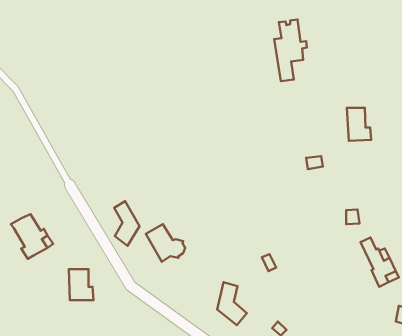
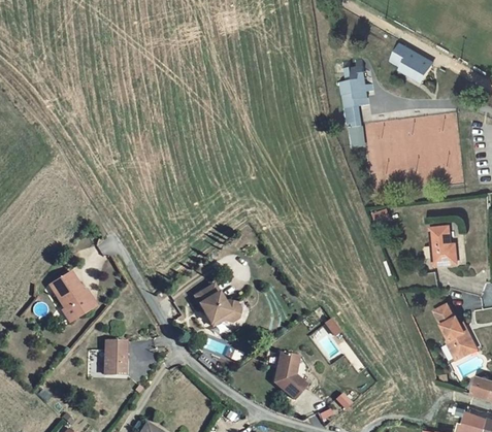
building: none -> [389,43,431,82]
building: [347,108,371,141] -> [429,226,456,262]
building: [114,201,139,246] -> none

